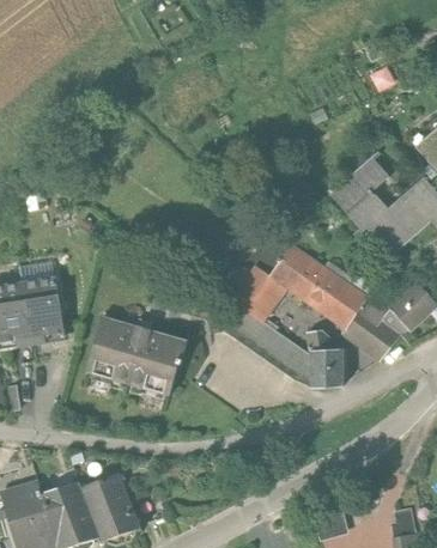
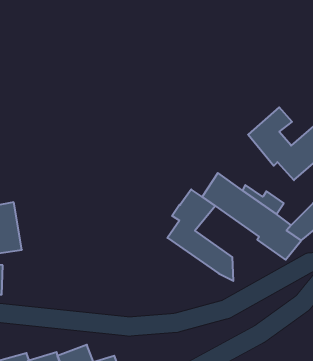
building: [22,262,67,346] -> none
building: [89,316,188,395] -> none
building: [310,349,341,386] -> none

